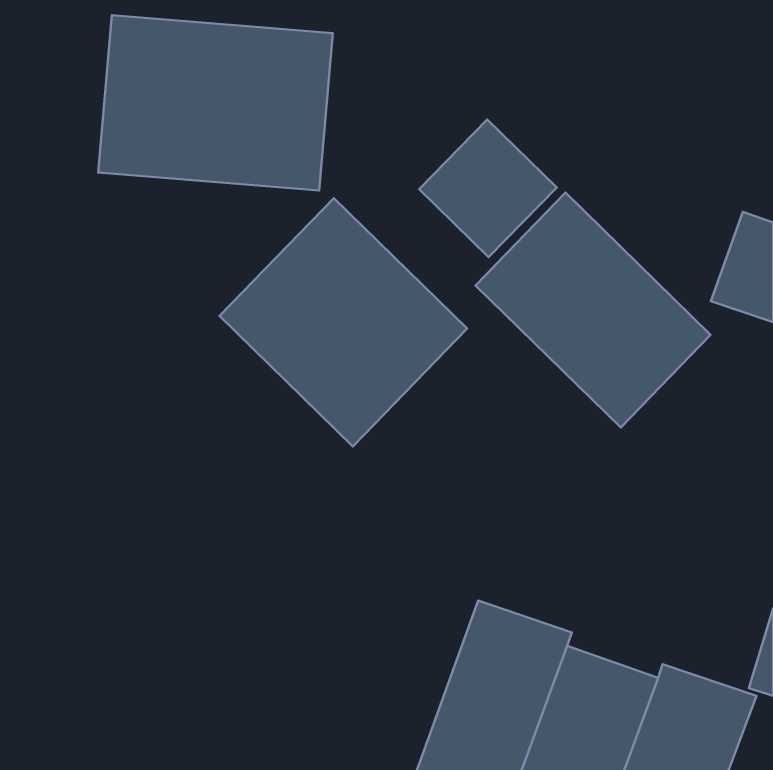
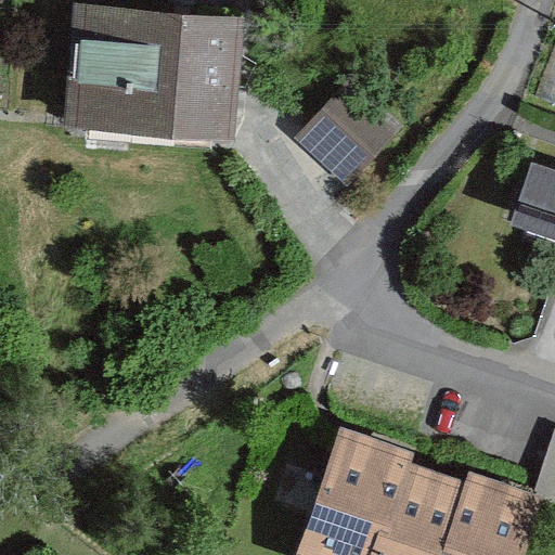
building: [475,193,711,428] -> none
building: [219,198,467,446] -> none

